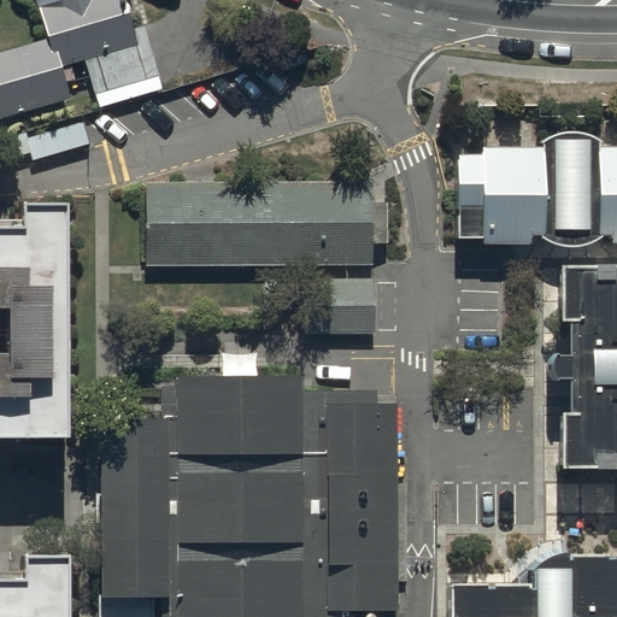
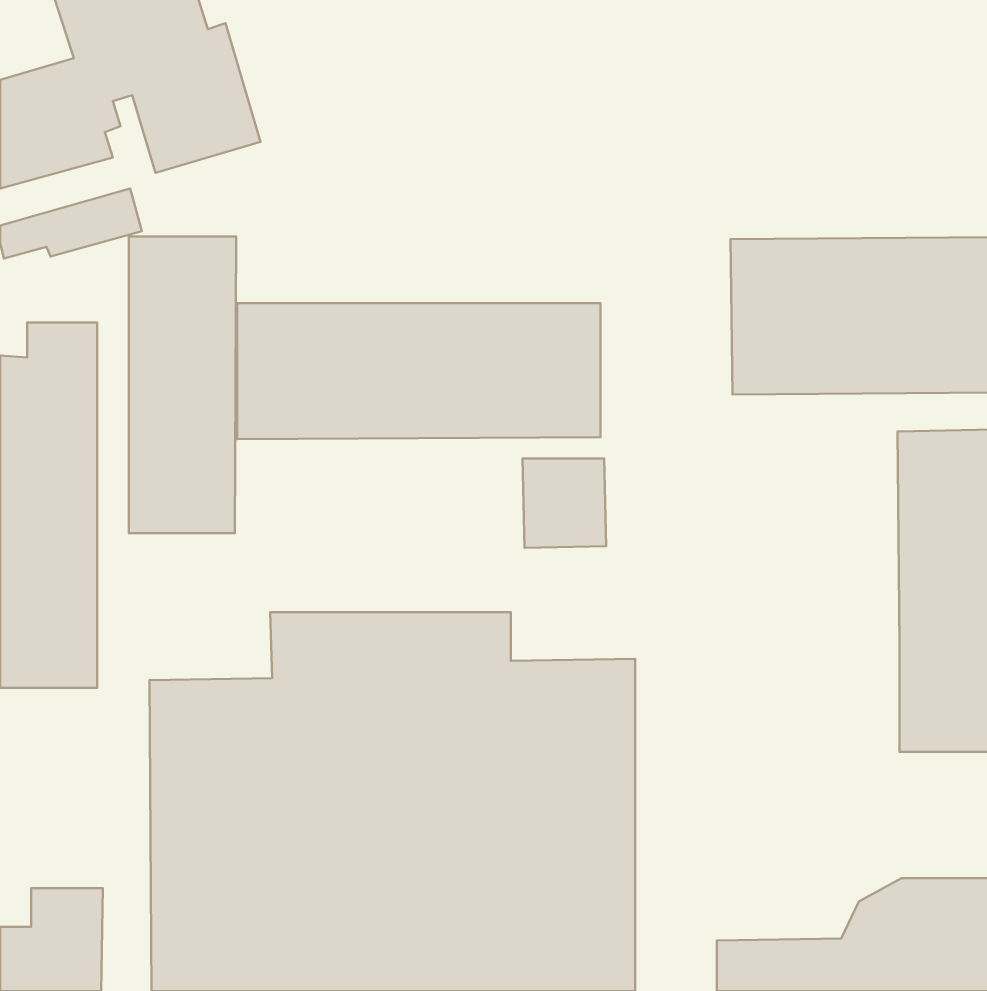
building: none -> [129,236,236,533]

